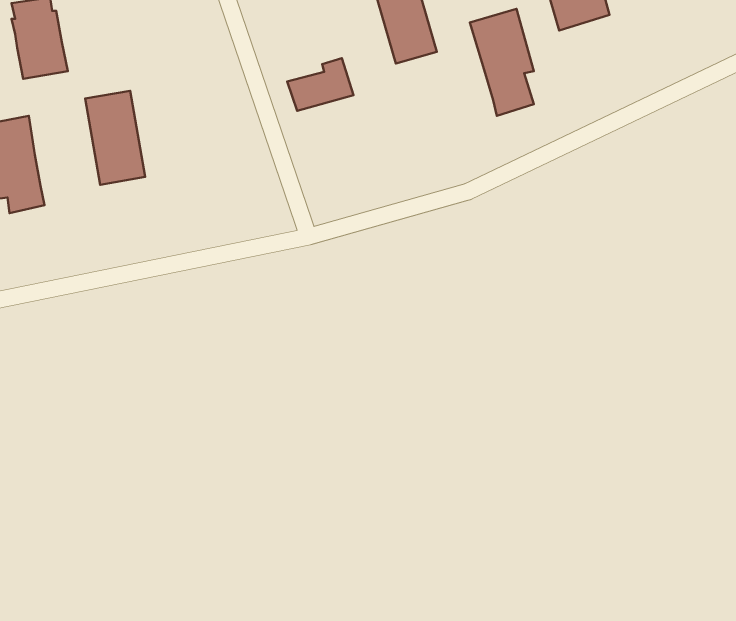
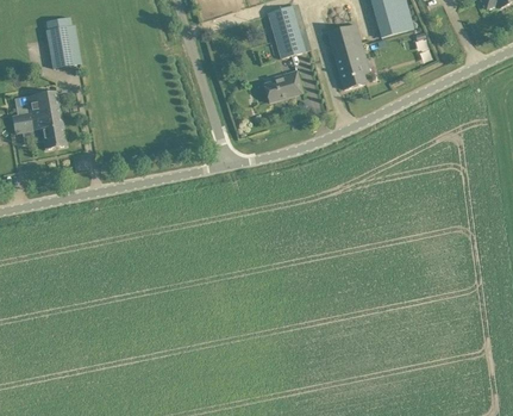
building: [287,58,353,111] -> [263,69,304,101]
building: [85,91,145,185] -> none

